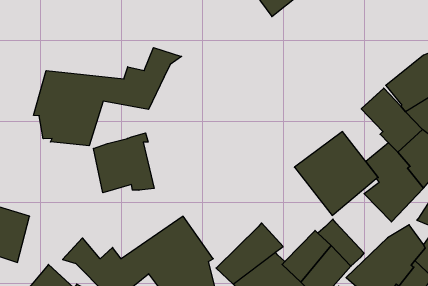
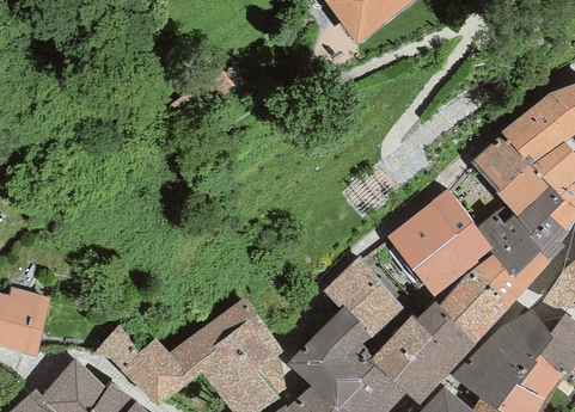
building: [34,48,182,146] -> none
building: [93,133,154,193] -> none
building: none -> [323,242,422,337]
building: none -> [439,270,509,345]

